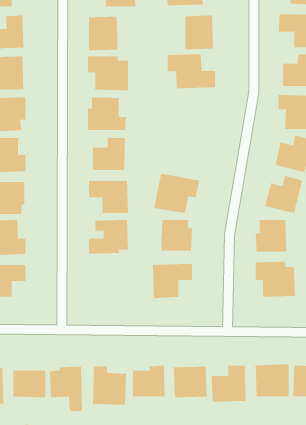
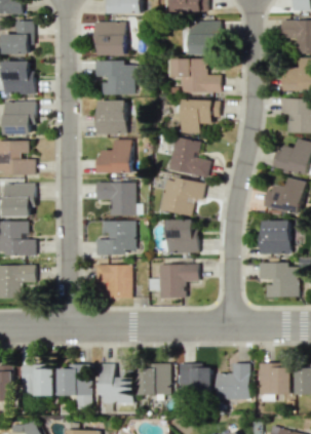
building: none -> [181,100,220,133]
building: none -> [168,137,210,176]
building: none -> [95,265,131,298]

